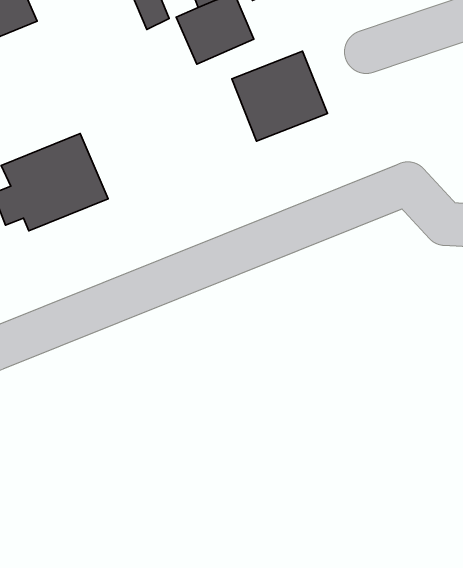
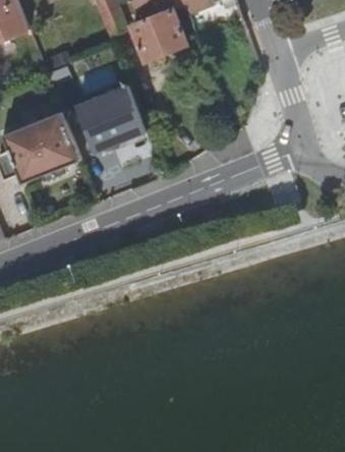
building: [232,51,327,141] -> [76,84,147,151]

